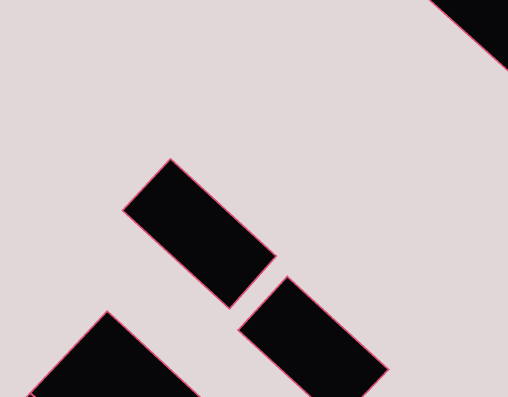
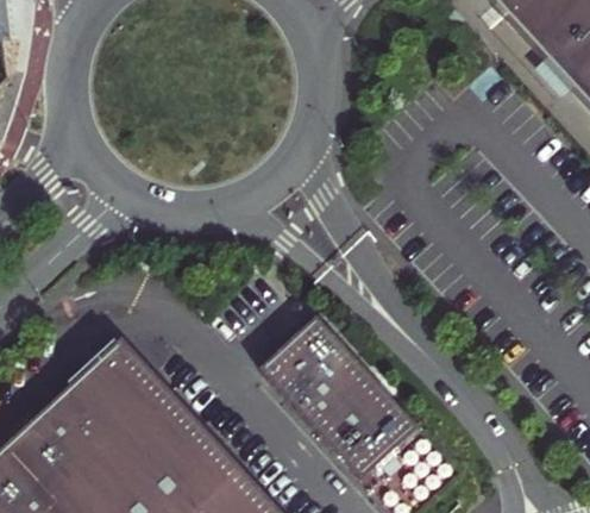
building: [123,159,276,309] -> none

